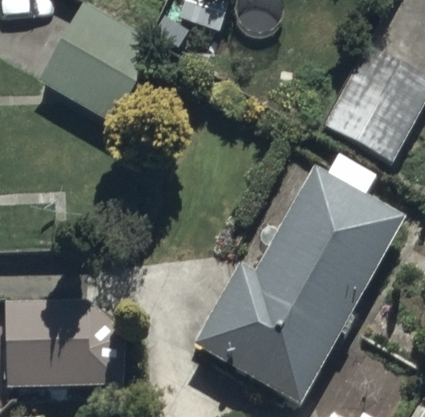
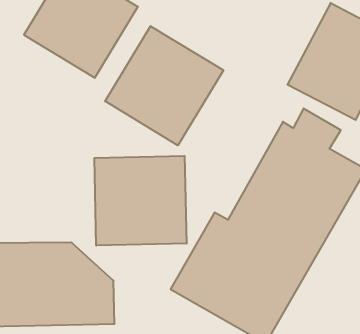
building: none -> [105,26,223,145]
building: none -> [94,156,187,246]

